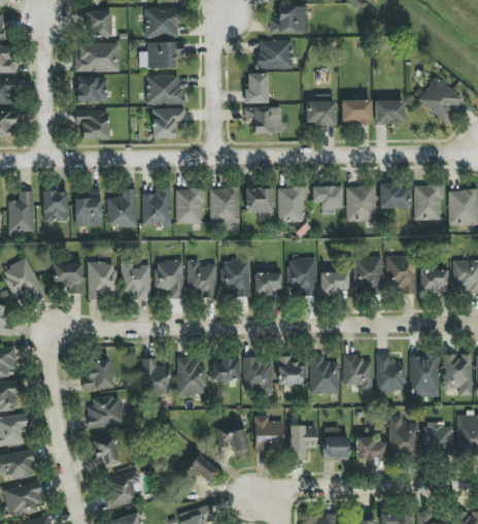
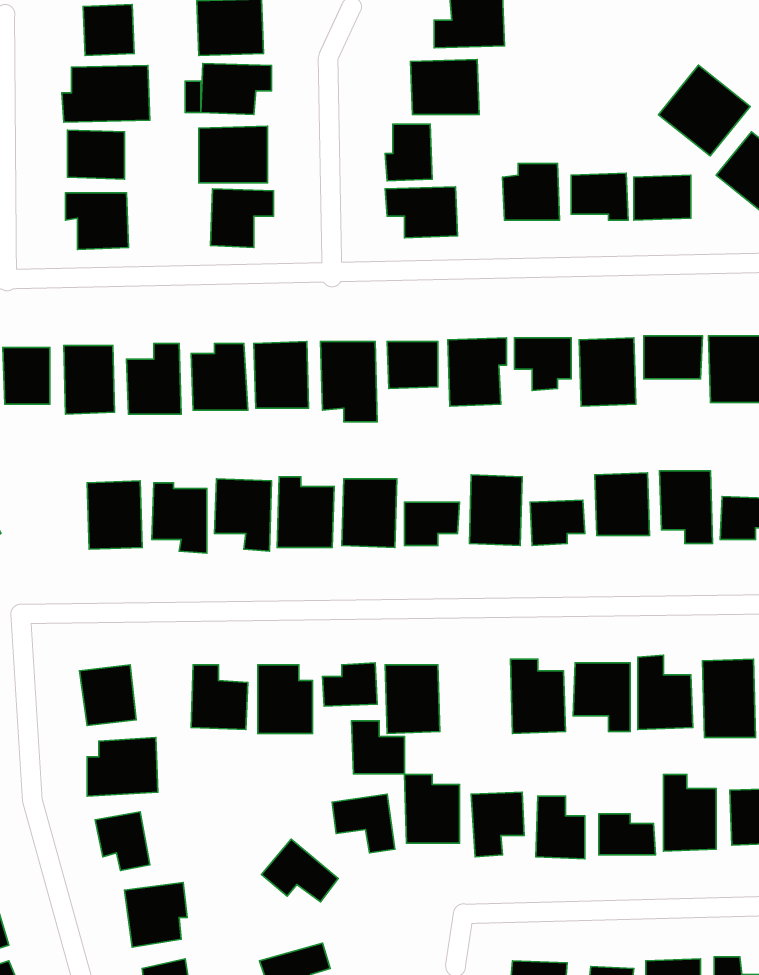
building: none -> [658,65,750,156]
building: [53,262,82,293] -> none
building: [277,356,305,384] -> [352,721,405,774]

